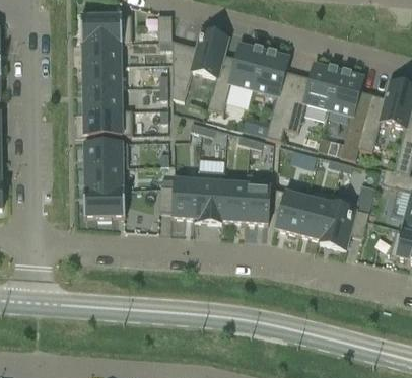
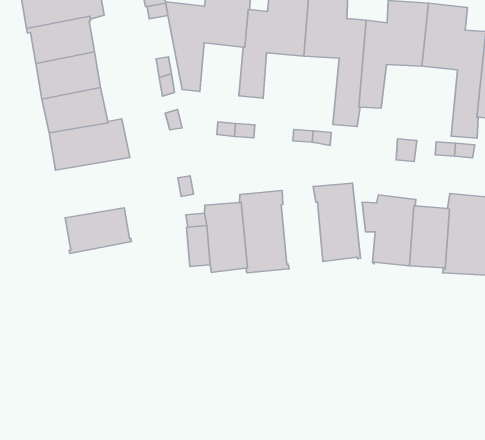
building: [83,141,128,166] -> none
building: [220,180,247,221] -> none
building: [83,187,125,218] -> none

